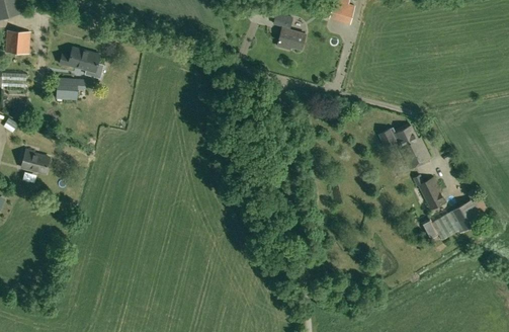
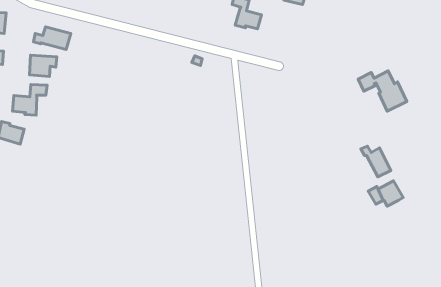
building: none -> [13,85,47,115]
building: [377,126,430,169] -> [358,71,407,111]
building: [447,198,484,234] -> none

